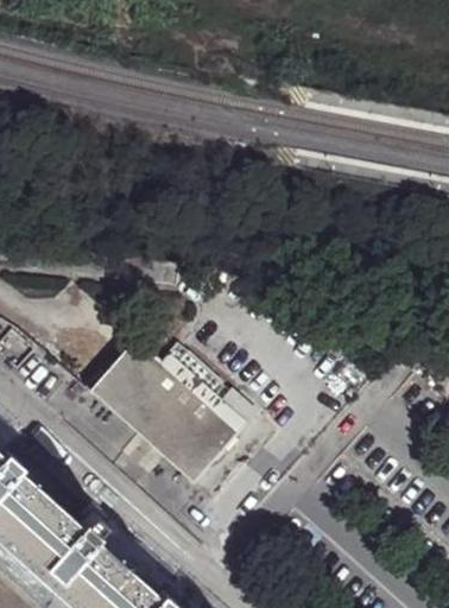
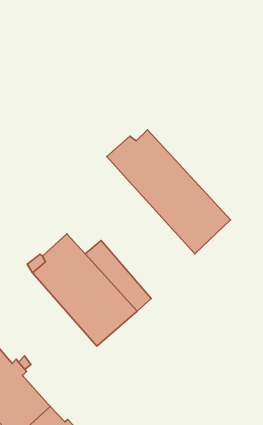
building: none -> [107,130,231,254]

